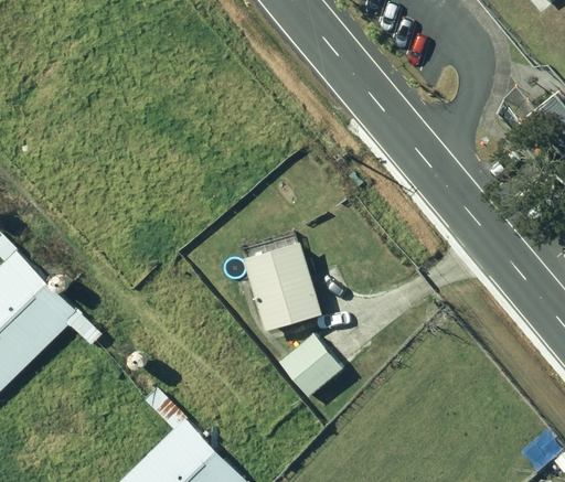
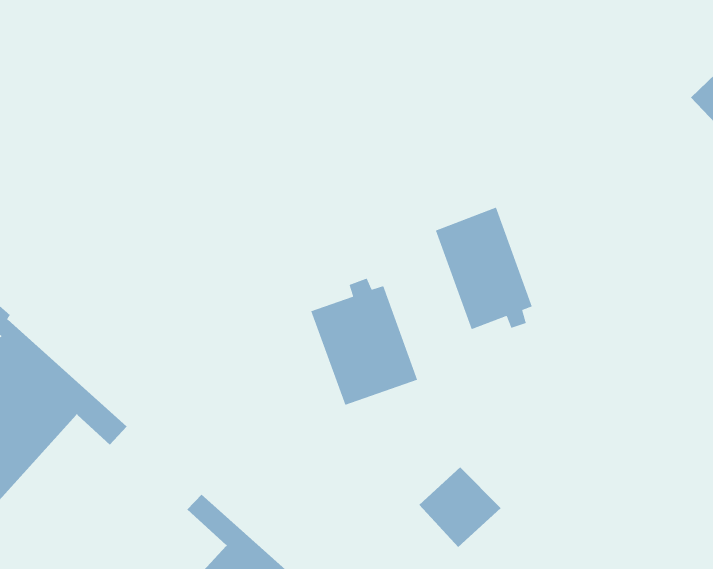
building: none -> [435,207,533,330]
building: [284,334,345,395] -> [418,467,501,548]

